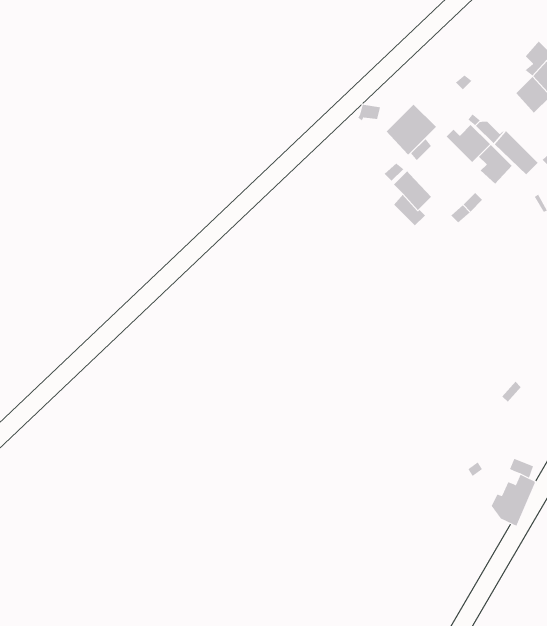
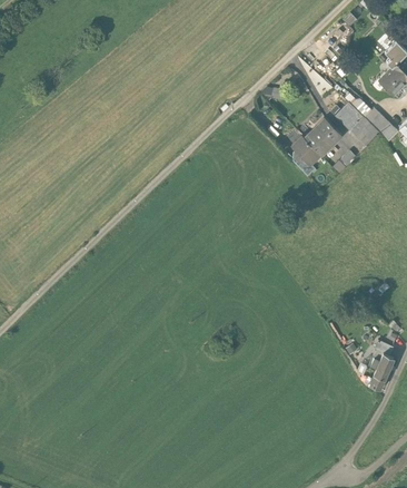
building: [386,104,437,155] -> [304,118,340,155]

